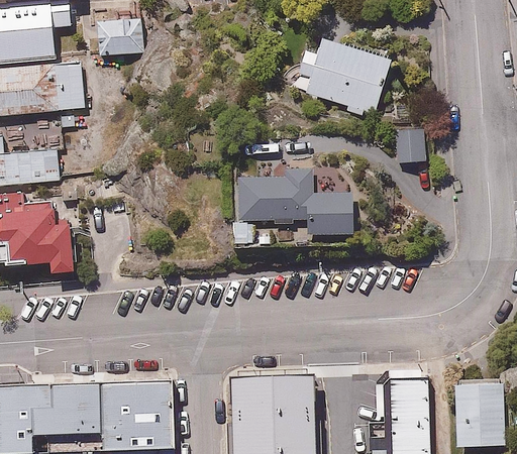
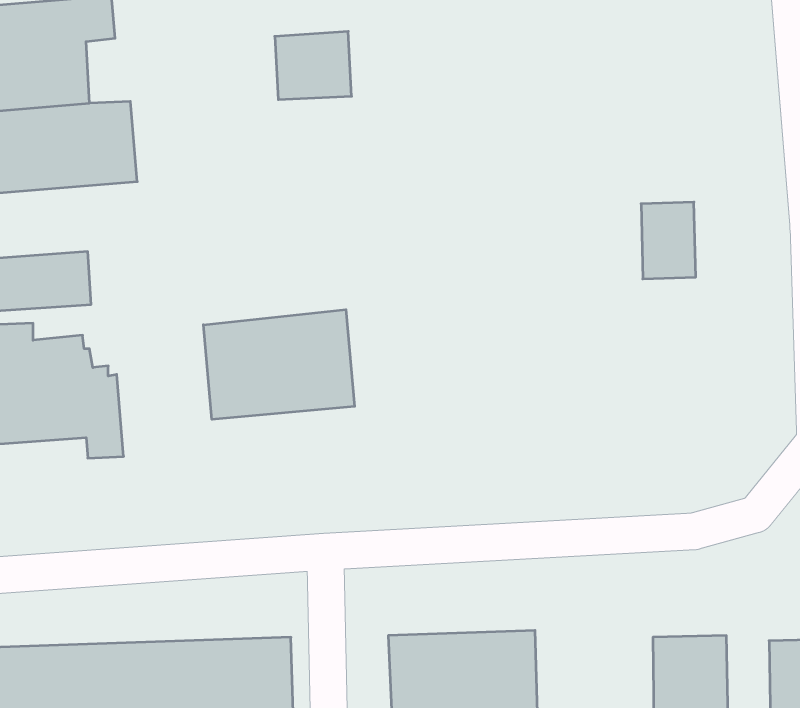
building: [94,18,139,59] -> [275,31,352,100]
building: [289,39,390,120] -> none
building: [227,171,353,248] -> none
building: none -> [203,310,355,419]

